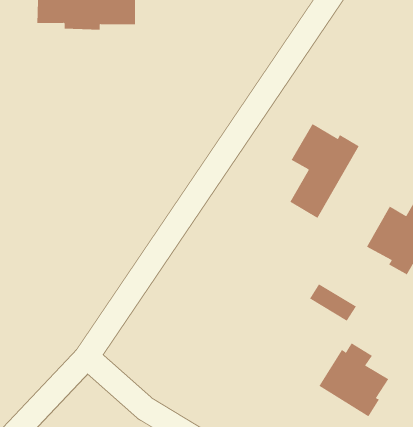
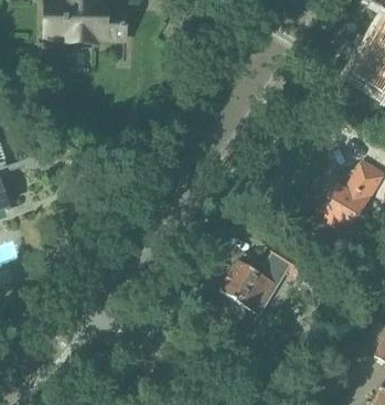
building: [289,123,360,219] -> none
building: [318,342,389,417] -> [218,255,276,316]

